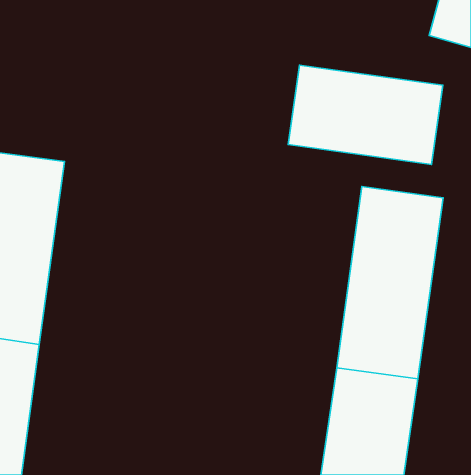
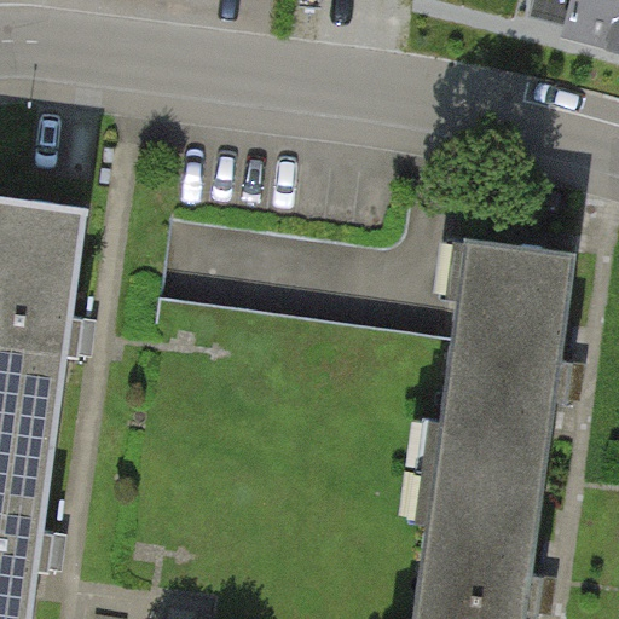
building: [288,65,443,165] -> none

